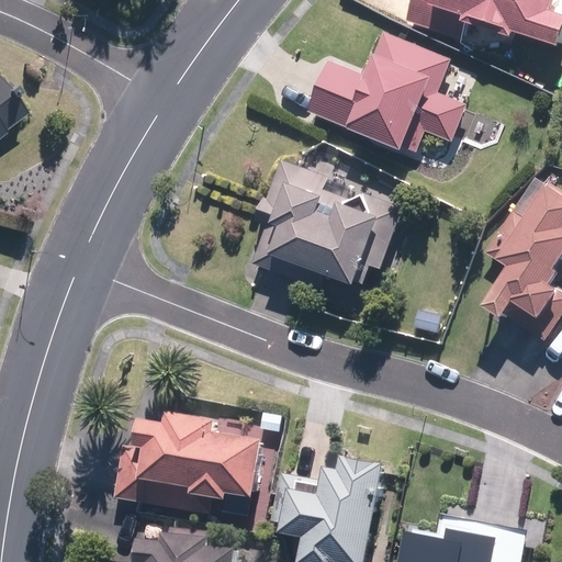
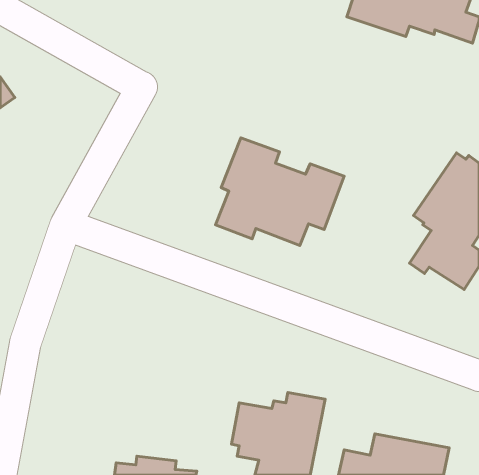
building: [308,32,467,149] -> none
building: [114,415,257,513] -> none

